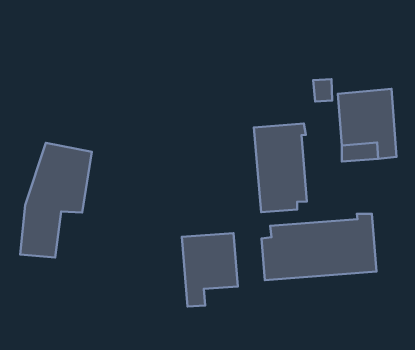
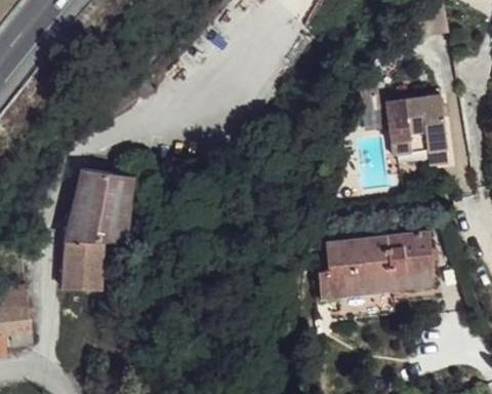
building: [254,124,307,212] -> none
building: [182,233,238,306] -> none

